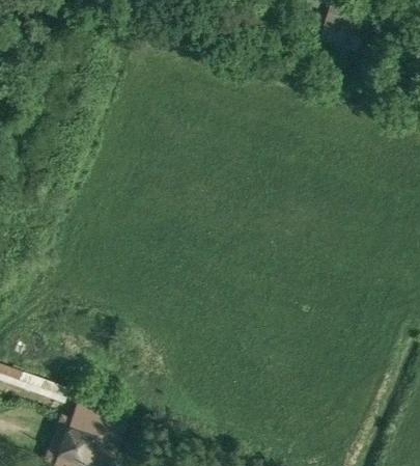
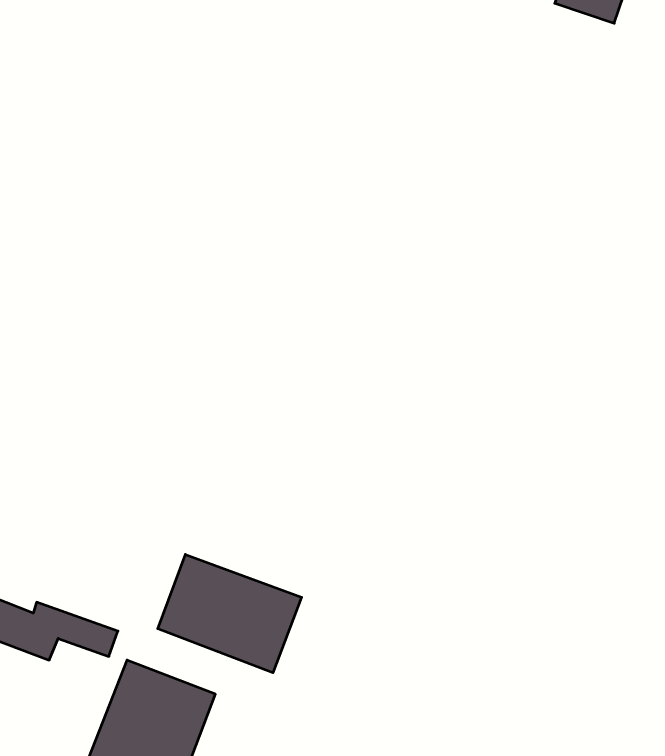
building: none -> [158,554,302,673]

